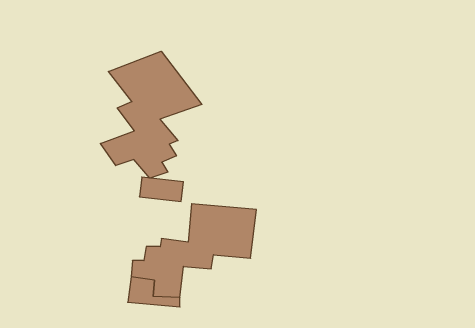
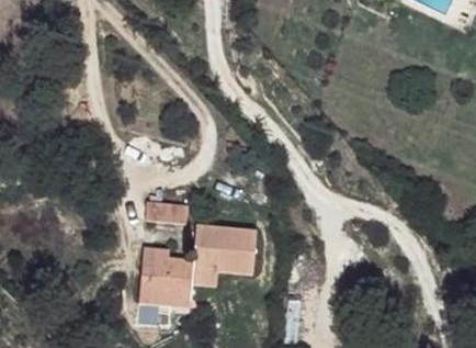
building: [100,51,202,178] -> none

